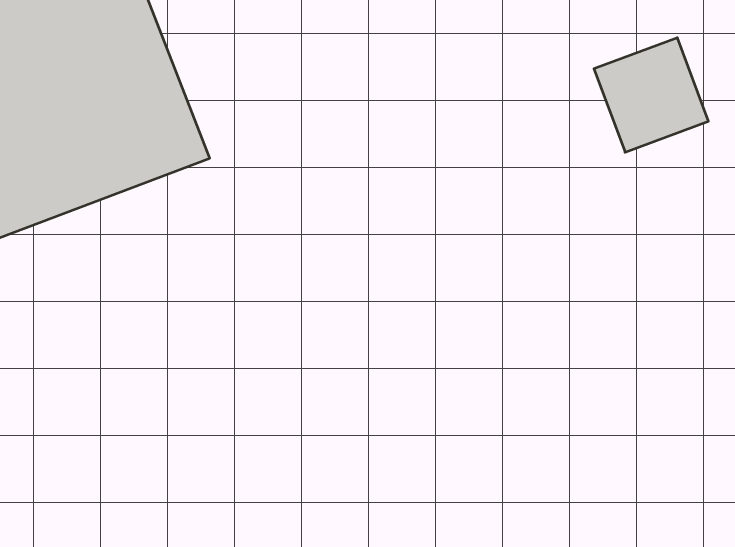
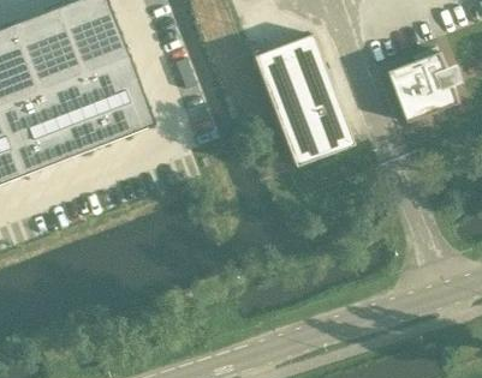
building: none -> [254,34,353,167]

